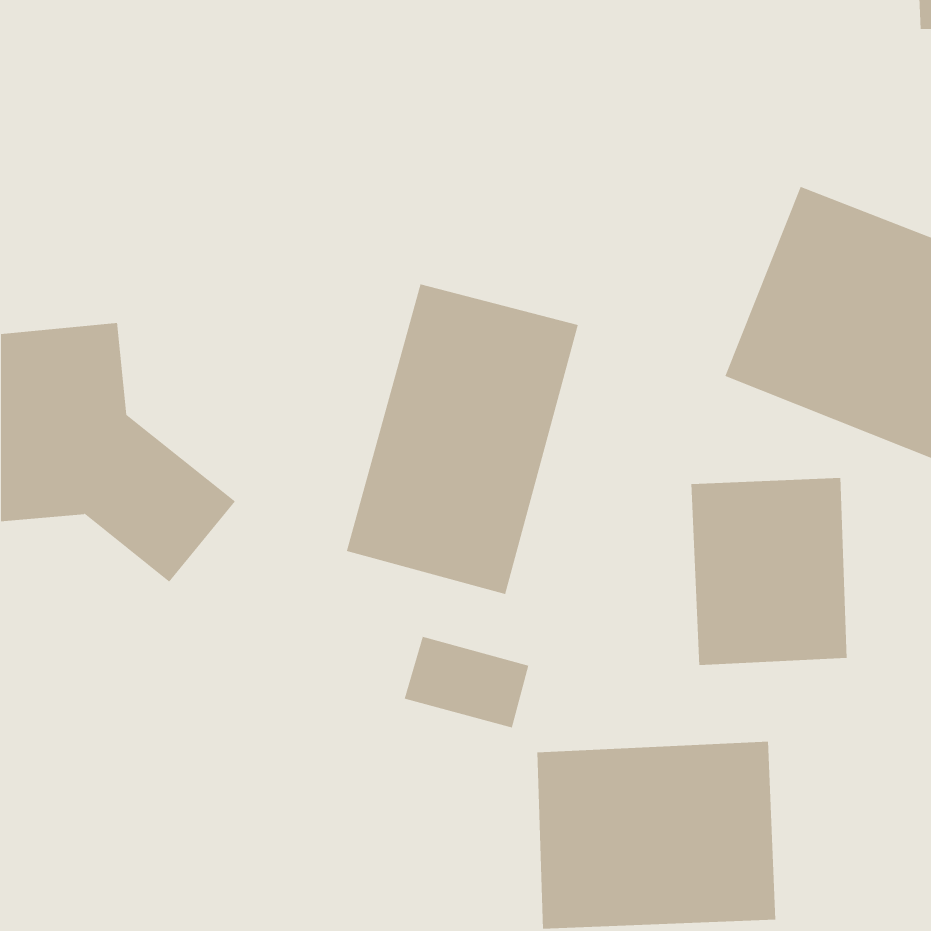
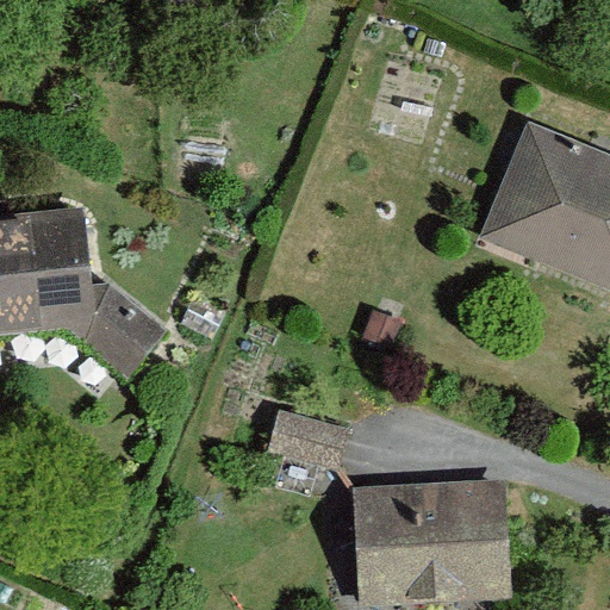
building: [346,284,579,595] -> none
building: [691,477,847,666] -> none

